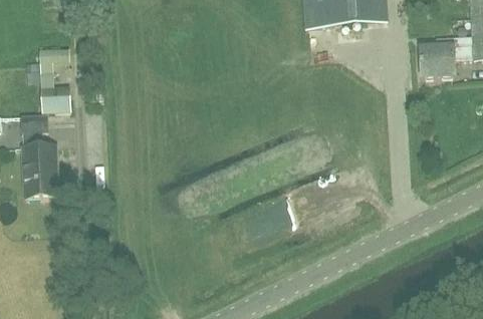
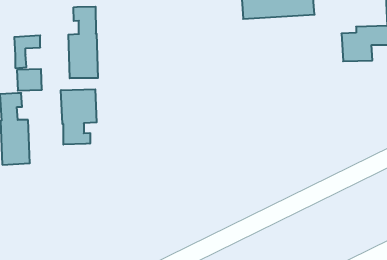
building: none -> [68,7,98,78]
building: none -> [61,89,97,145]

